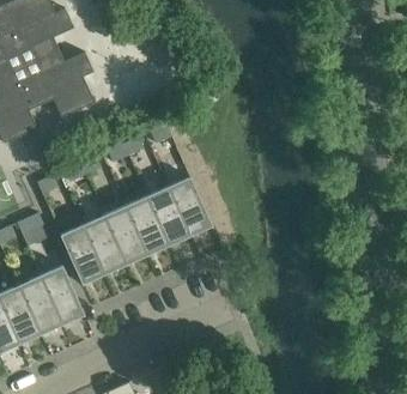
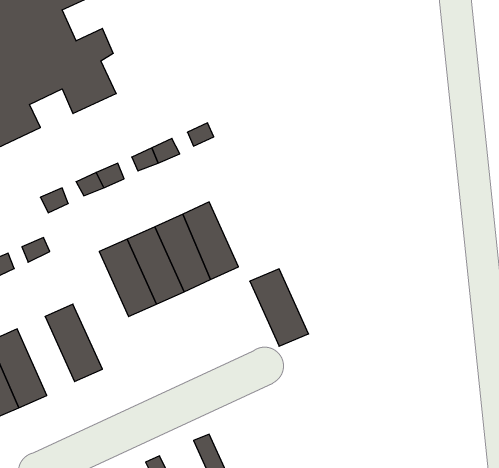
building: [166,176,212,236] -> [250,269,309,346]
building: [59,224,104,285] -> none
building: [18,274,62,335] -> none

